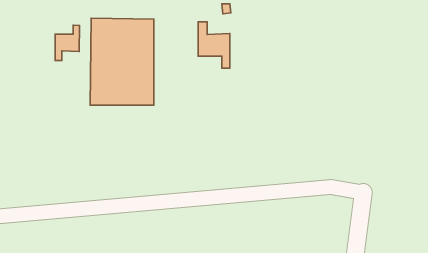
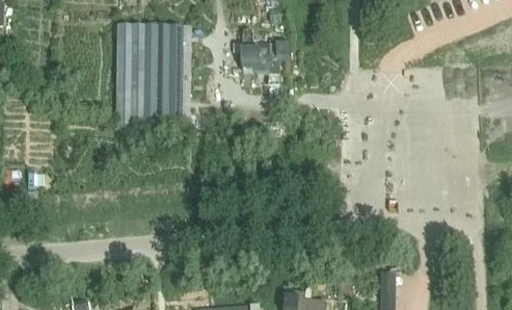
building: [55,25,79,60] -> none

